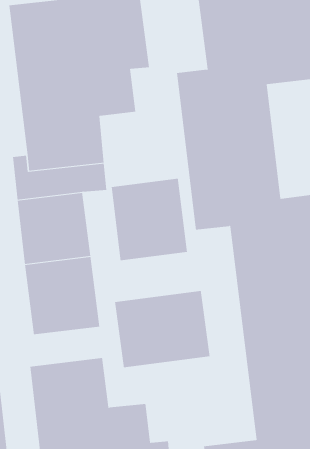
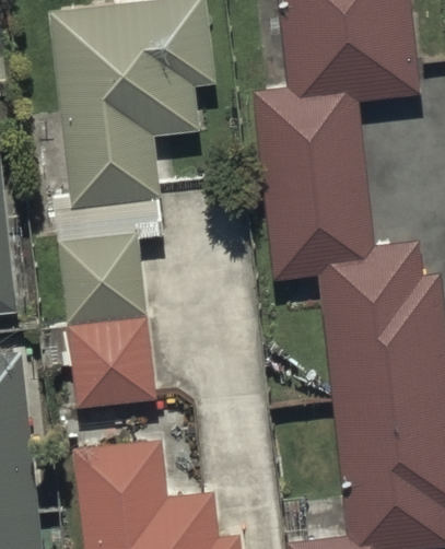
building: [111,178,187,261] -> none
building: [115,290,210,368] -> none

